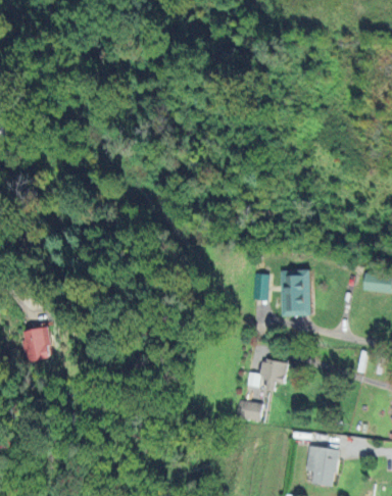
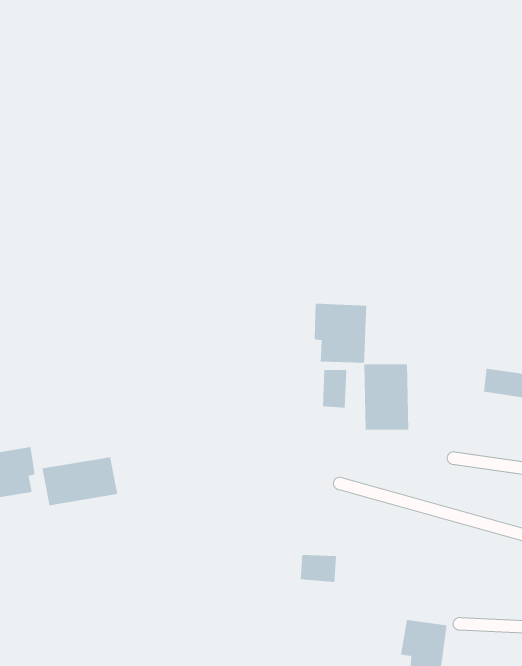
building: none -> [314,303,367,364]
building: none -> [42,456,118,506]
building: [244,358,288,400] -> none

